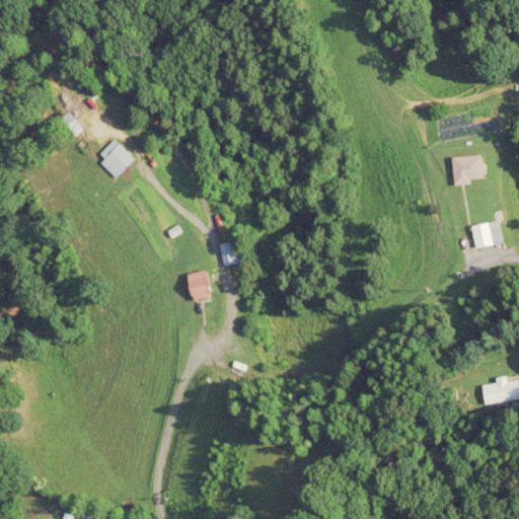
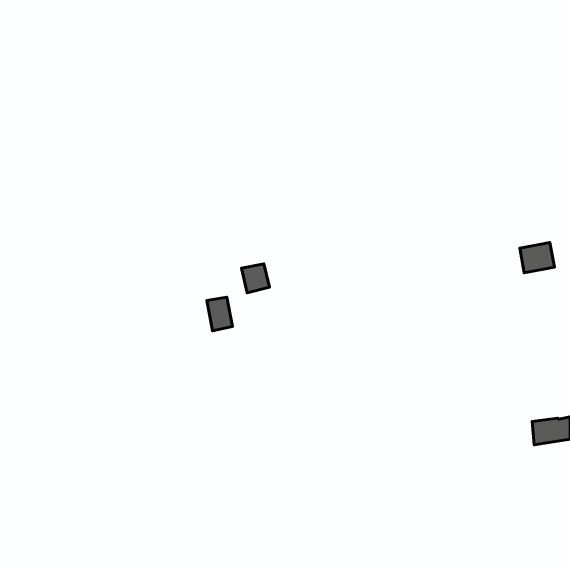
building: [100,144,134,178] -> none
building: [452,155,484,184] -> none

